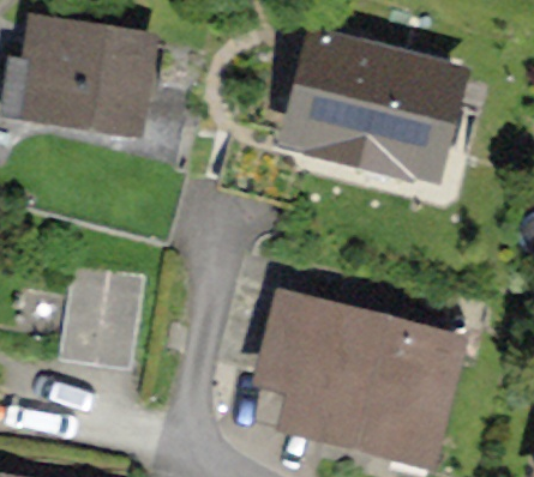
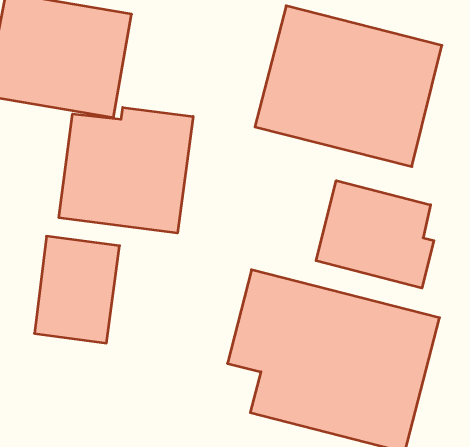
building: none -> [59,107,193,233]
building: none -> [316,181,434,288]

